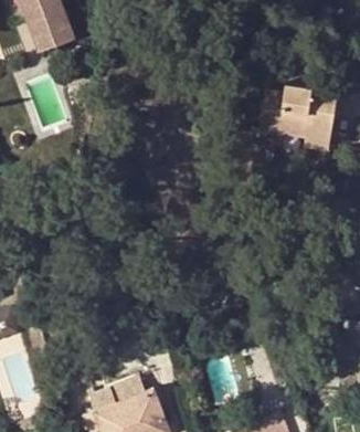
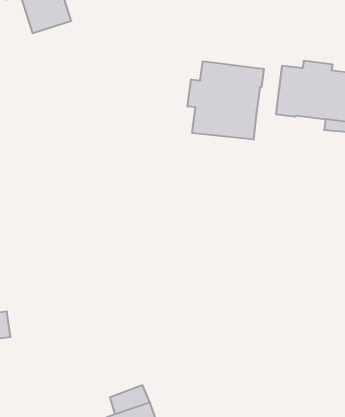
building: none -> [188,61,264,140]

